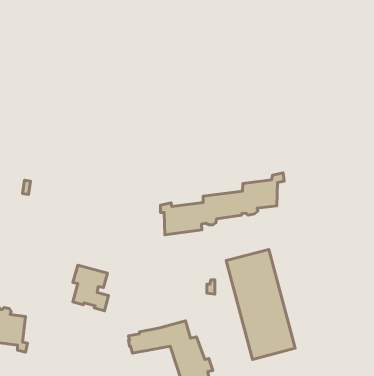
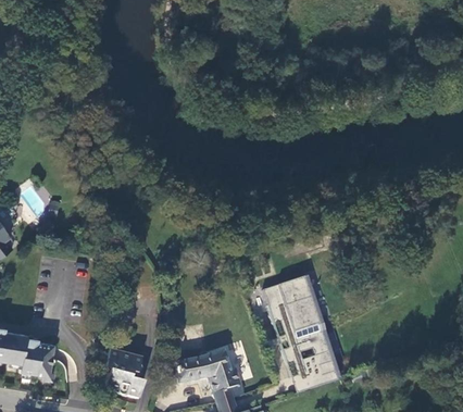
building: [160,173,284,235] -> none
building: [73,265,108,311] -> [104,350,142,399]

